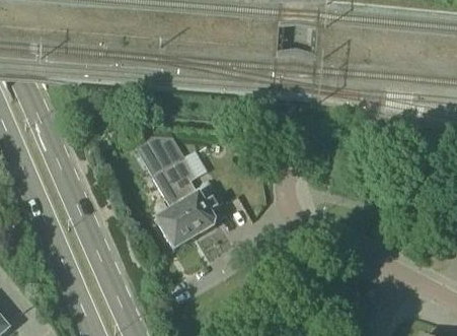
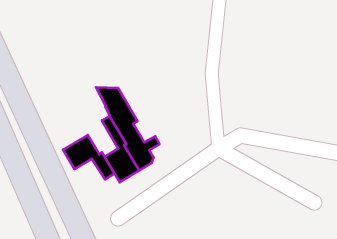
building: none -> [63,135,114,179]

